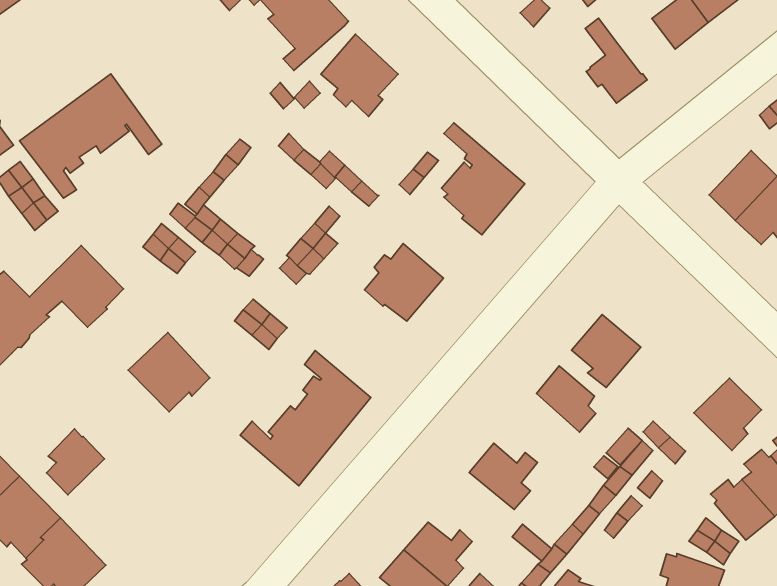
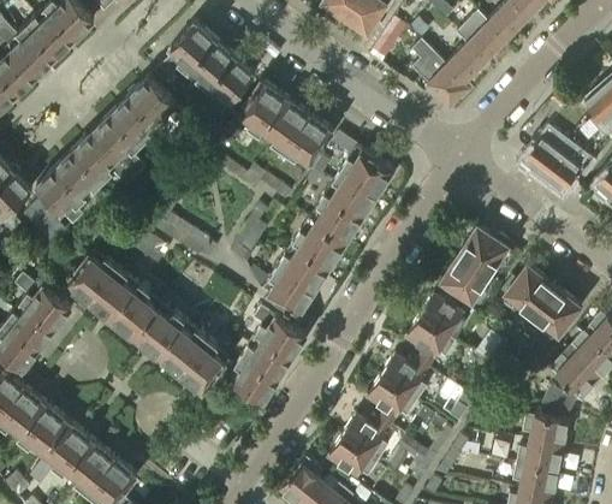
building: none -> [94,78,185,177]
building: none -> [446,43,486,83]
building: none -> [274,106,333,161]
building: none -> [314,188,368,244]
building: none -> [459,227,509,274]
building: none -> [268,257,323,315]
building: none -> [101,281,158,338]
building: none -> [503,267,554,315]
building: none -> [166,336,225,391]
building: none -> [406,316,454,364]
building: [47,429,105,495] -> none
building: none -> [368,378,416,426]

